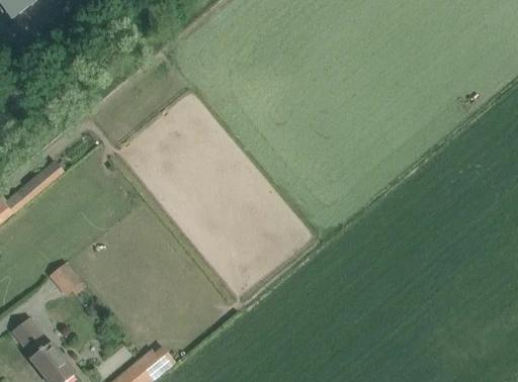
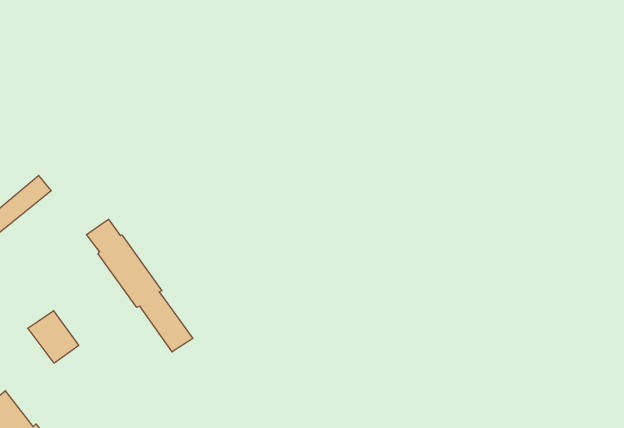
building: none -> [87,219,193,352]

